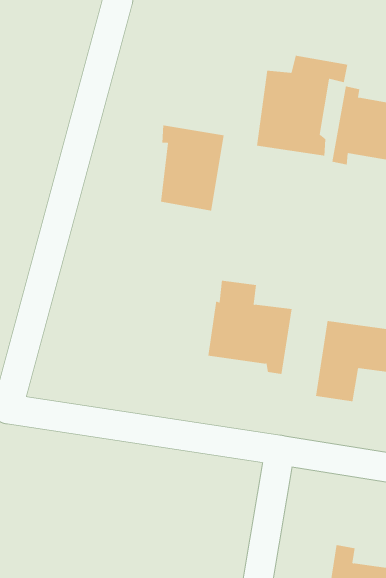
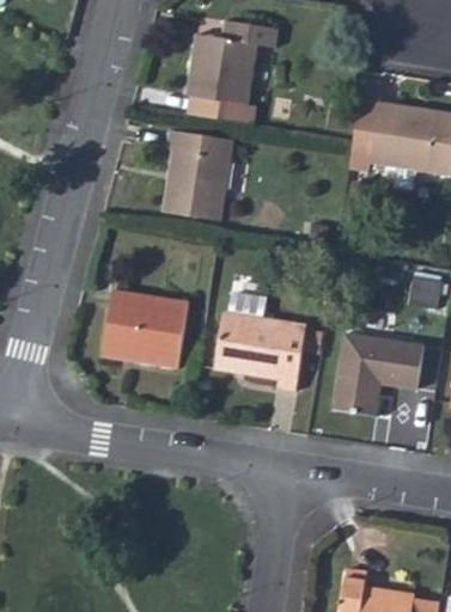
building: [256,55,348,156] -> [190,19,286,124]
building: none -> [100,294,185,371]

